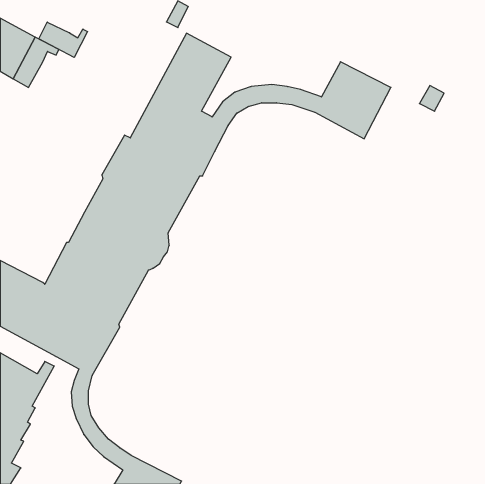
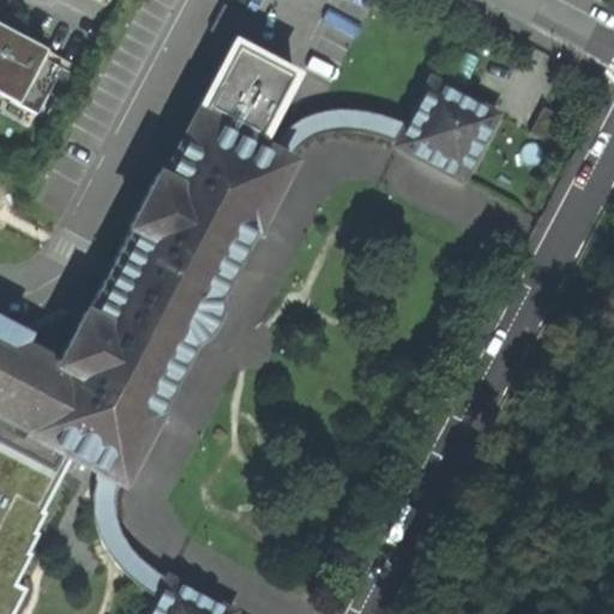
building: [39,22,88,57] -> none

